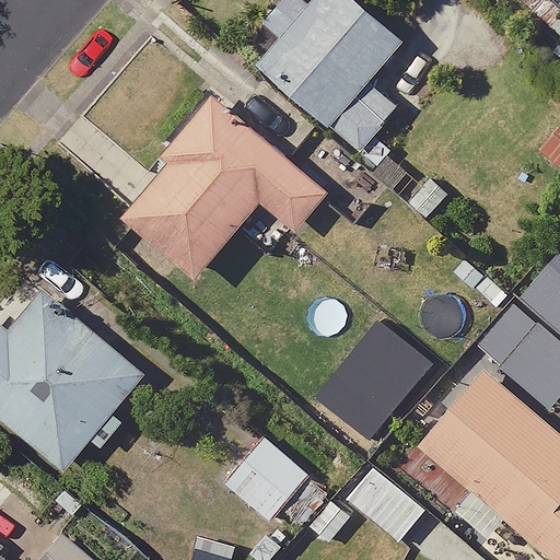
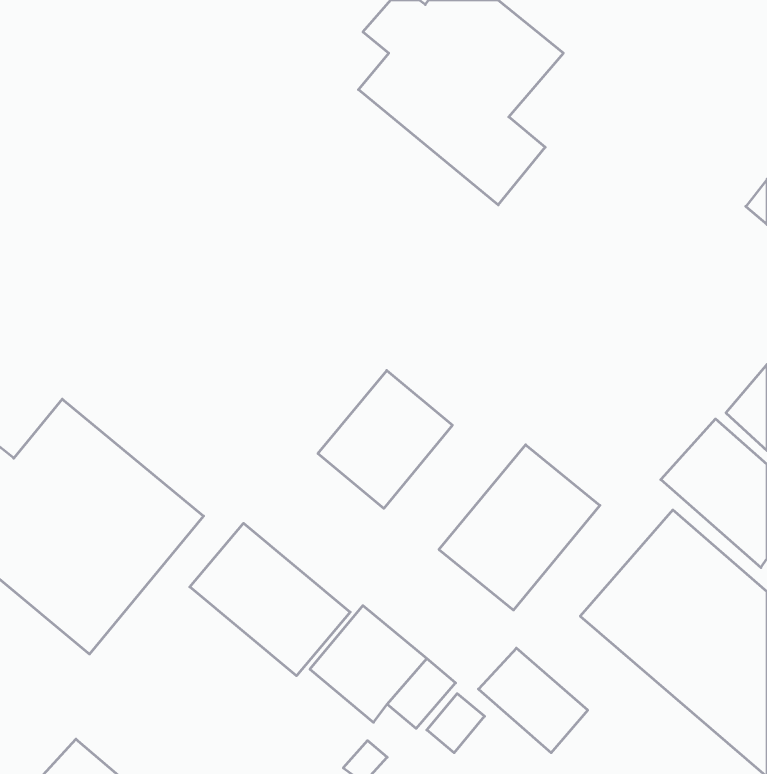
building: [121,97,328,280] -> none
building: none -> [318,370,452,508]
building: none -> [190,523,350,676]

